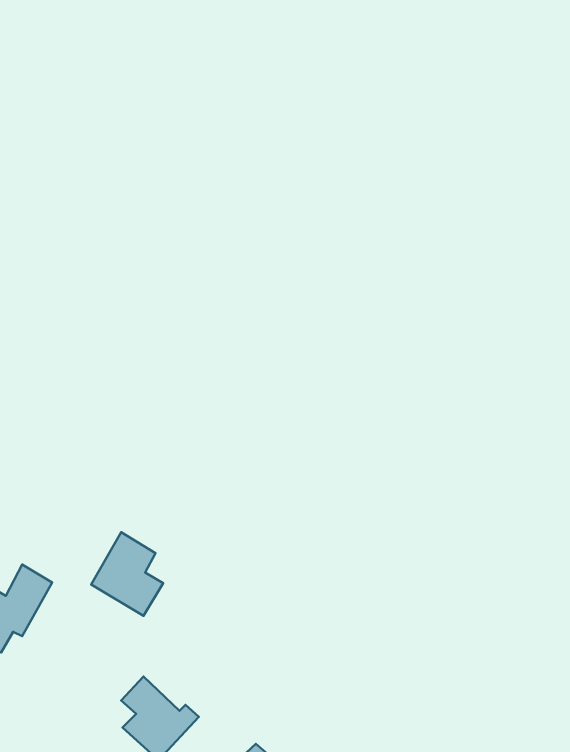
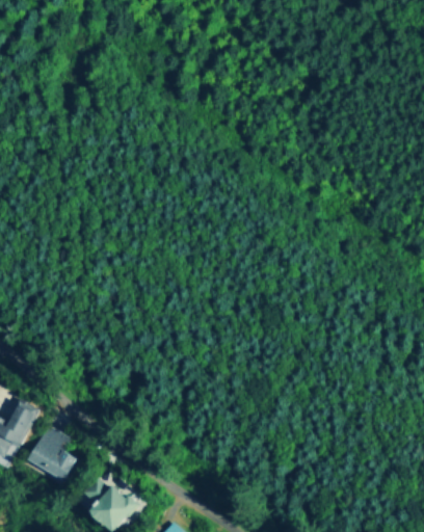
building: [91,532,163,616] -> [31,425,81,483]

